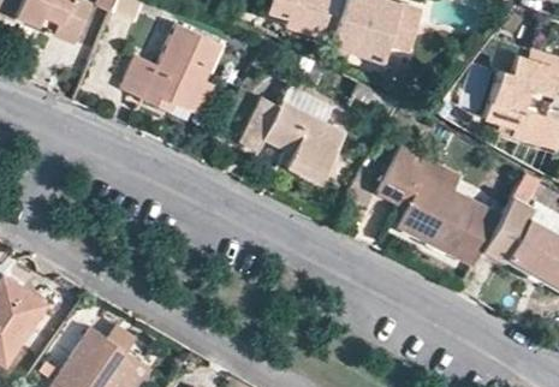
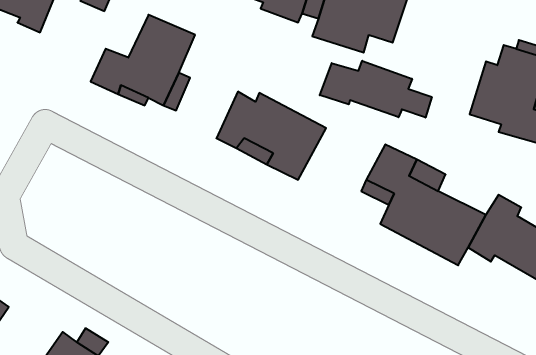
building: none -> [320,61,432,118]

